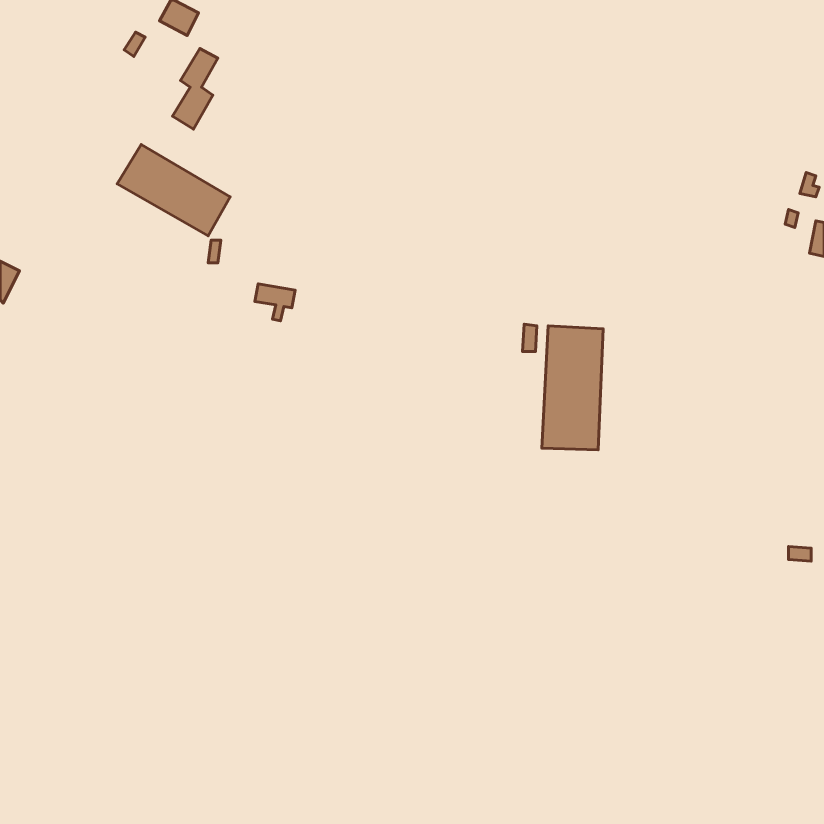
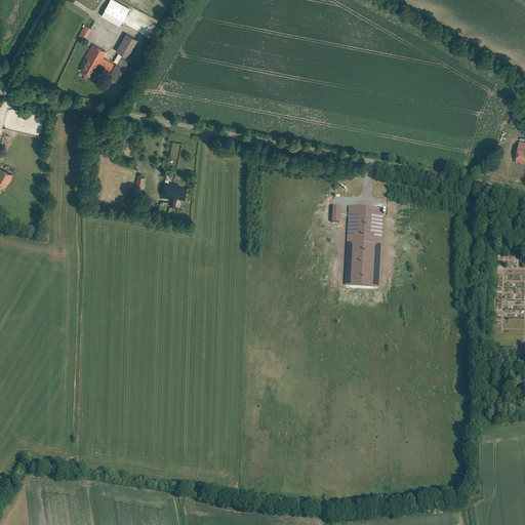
building: none -> [78,45,111,76]
building: [117,145,230,236] -> none

